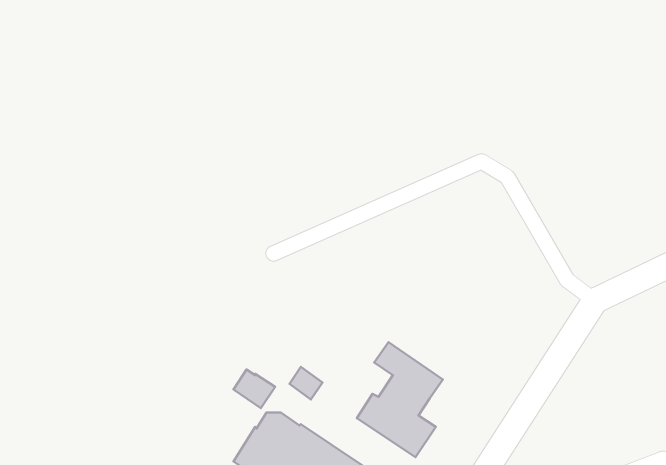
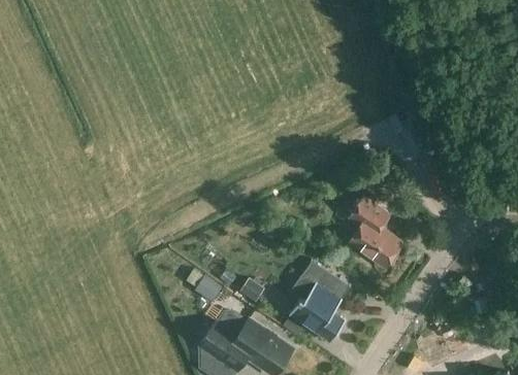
building: none -> [347,196,402,268]

